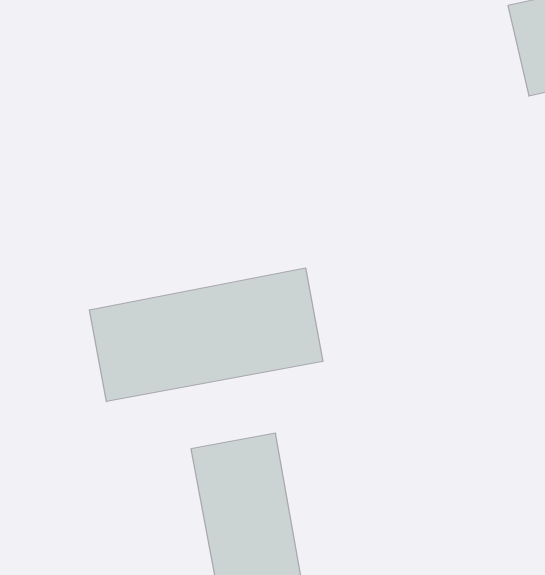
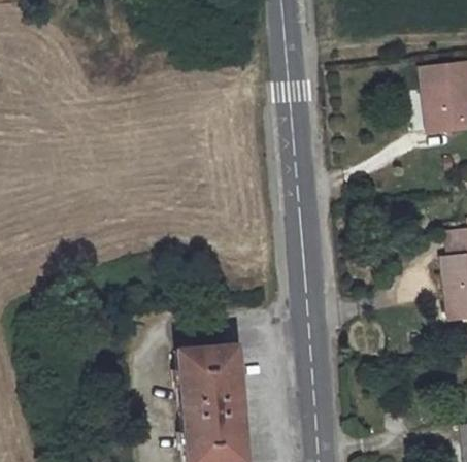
building: [90,268,323,402] -> none

